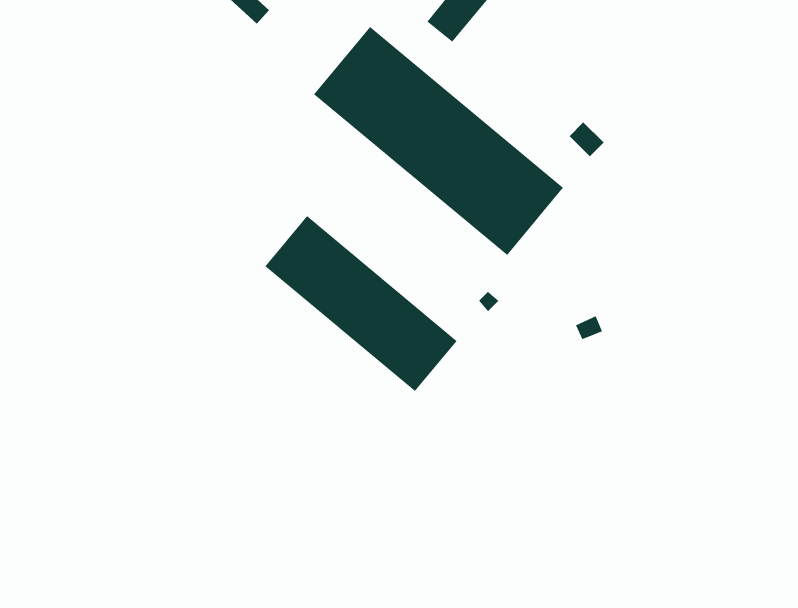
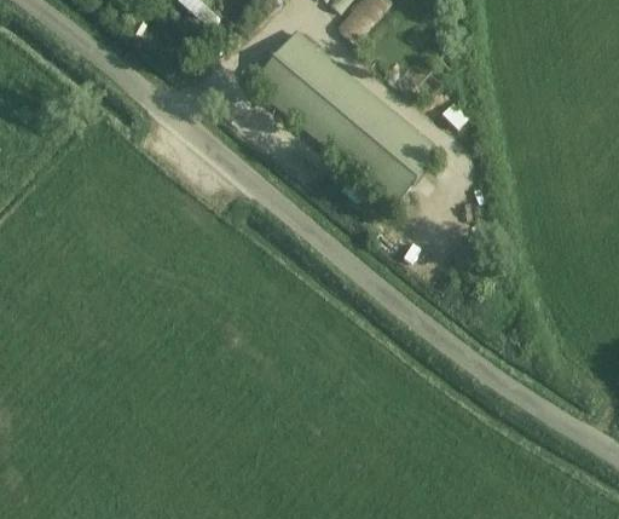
building: [264,215,458,392] -> none

